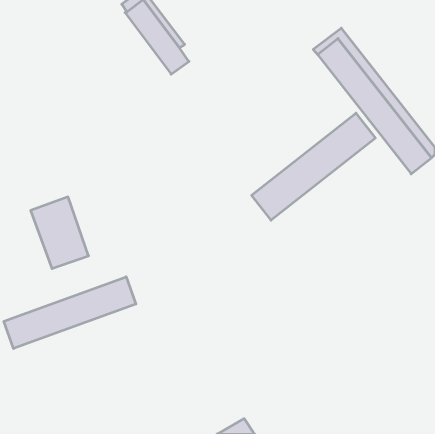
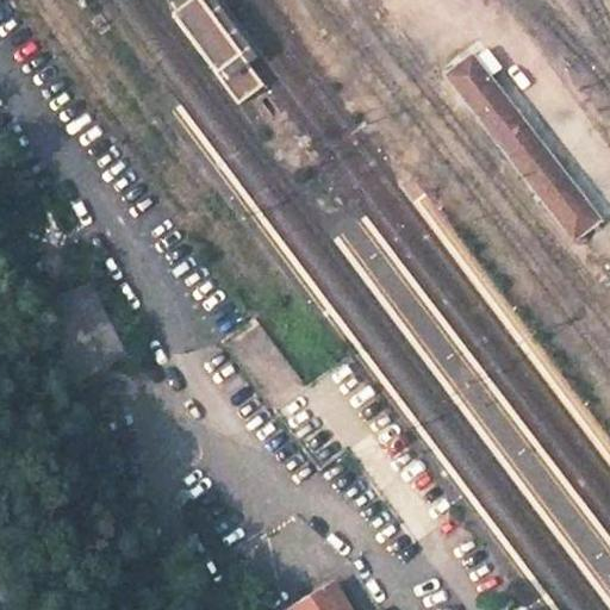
building: [252,113,375,220] -> none
building: [4,277,136,349] -> none

